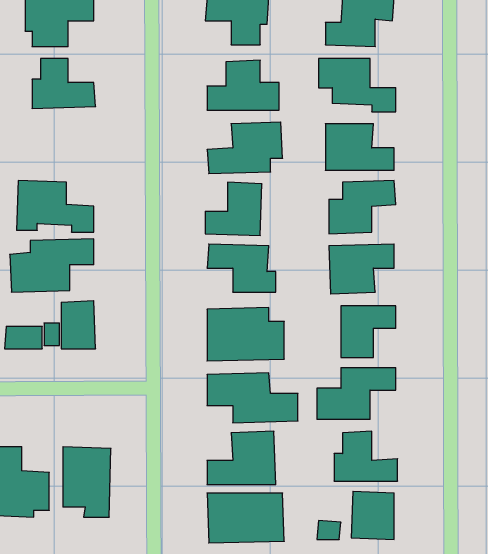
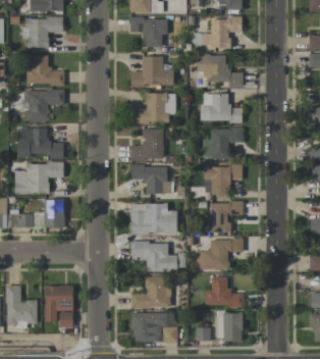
building: none -> [20,90,64,121]

